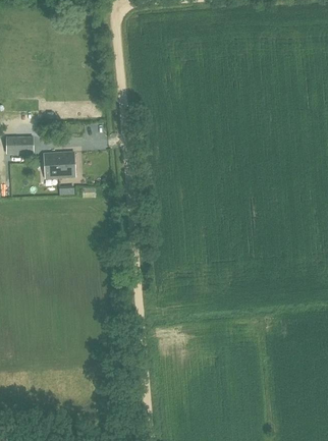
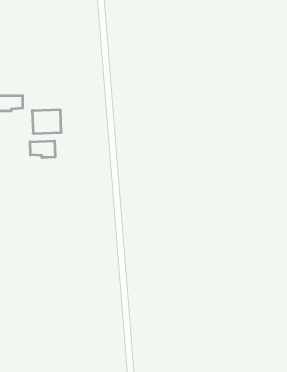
building: none -> [30,141,55,158]

